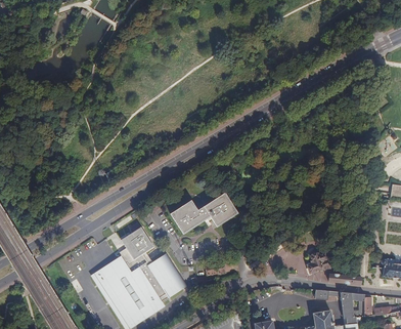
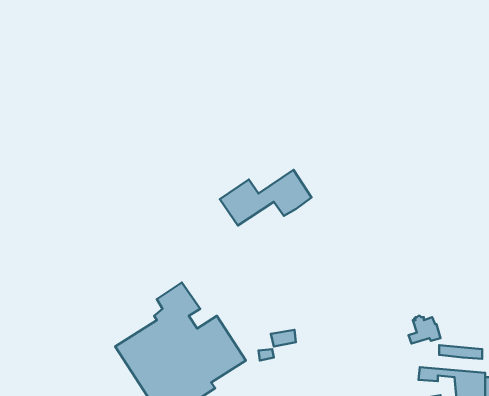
building: [170,193,237,234] -> [220,170,311,225]

